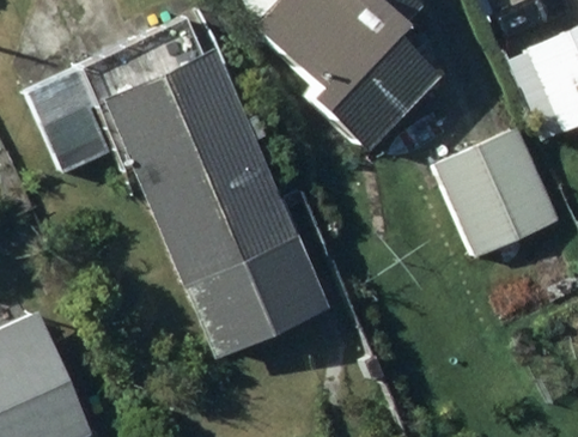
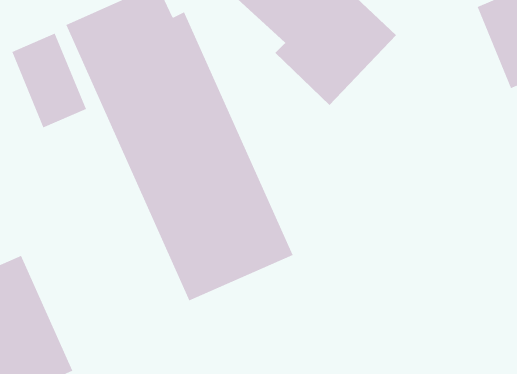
building: [434,129,560,259] -> none

